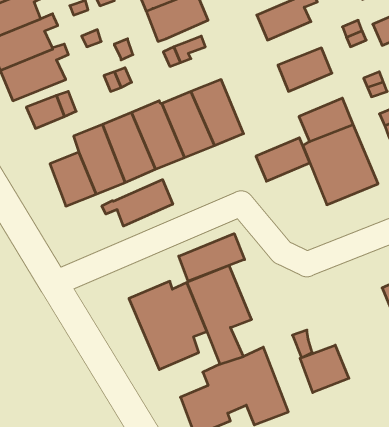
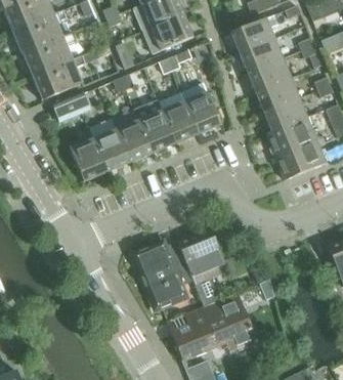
building: none -> [240,38,282,72]
building: [256,138,310,181] -> [256,78,298,112]
building: [102,180,173,226] -> none
building: [179,234,245,281] -> none
building: [300,345,349,393] -> none

